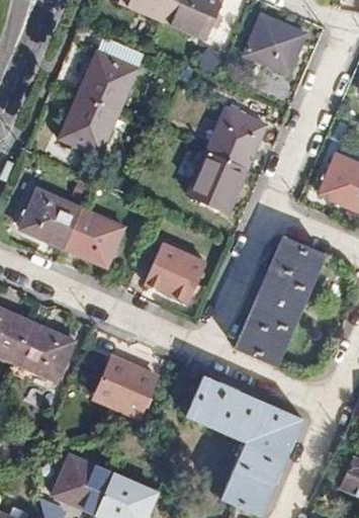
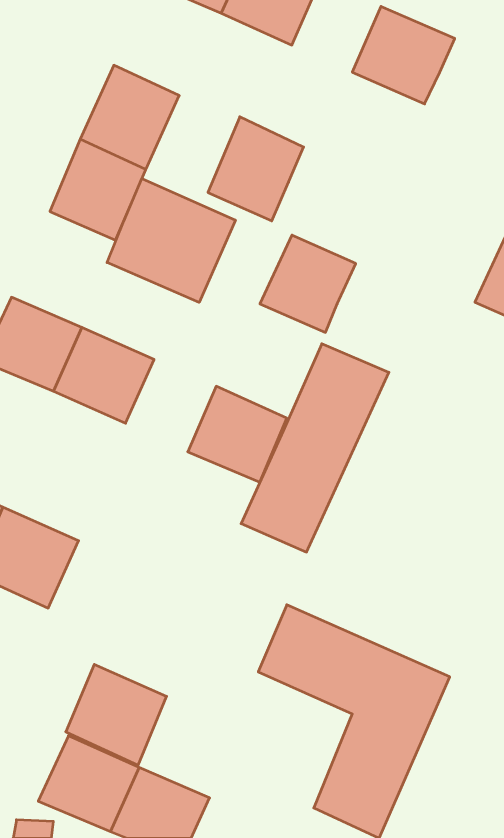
building: [206,108,264,171] -> [208,117,304,221]
building: none -> [107,179,235,302]
building: [233,240,322,365] -> [241,344,389,552]
building: [97,354,158,415] -> [66,664,167,765]

